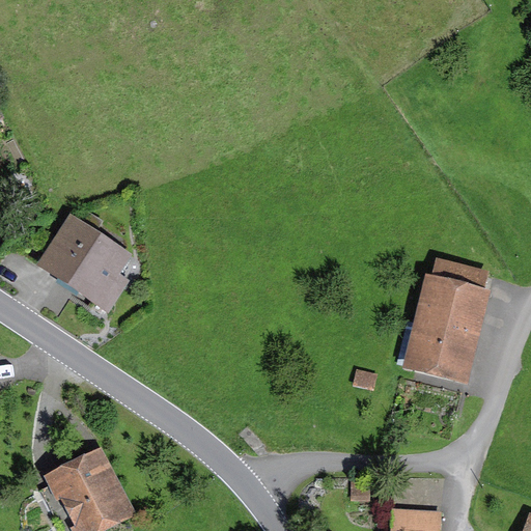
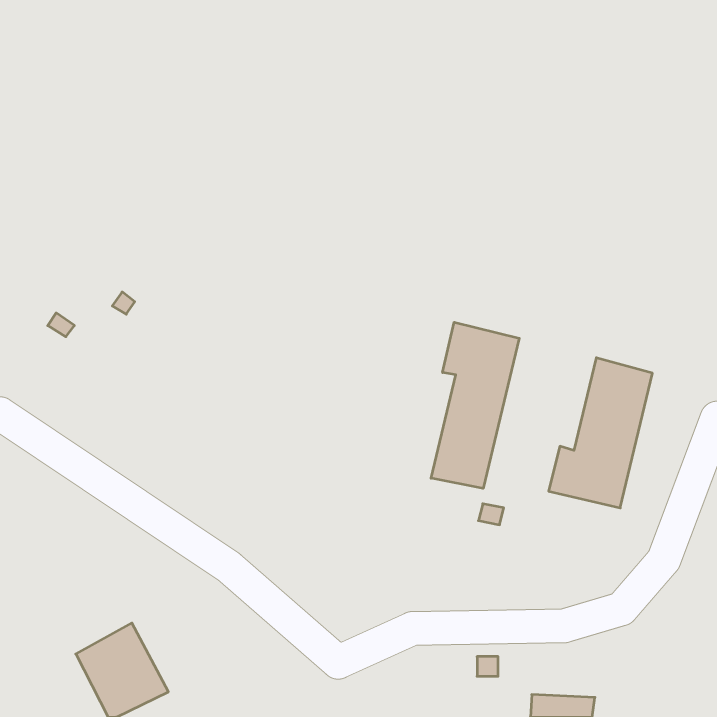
building: [48,226,121,304] -> none
building: none -> [431,322,519,488]

